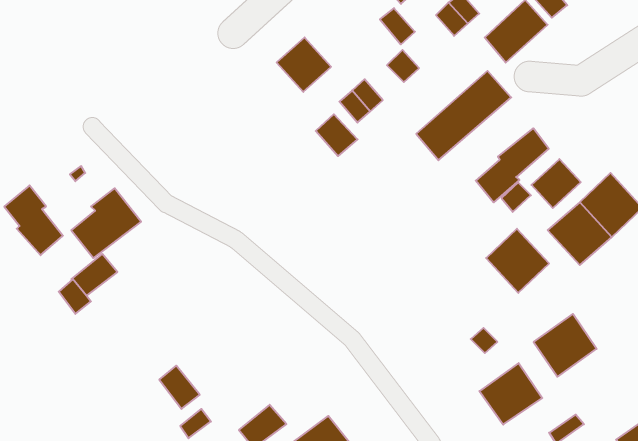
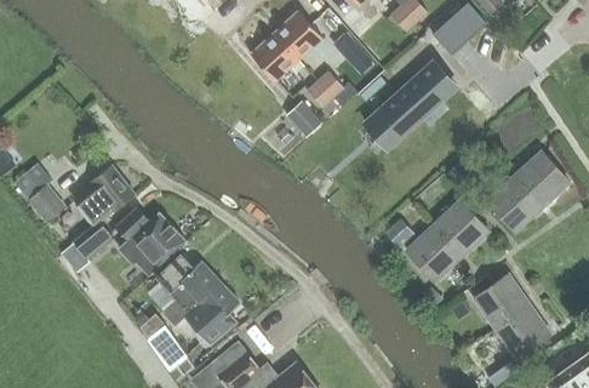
building: none -> [275,11,322,58]
building: [476,128,549,202] -> none
building: [531,159,581,208] -> none
building: none -> [114,206,184,274]
building: none -> [406,224,461,280]
building: none -> [155,253,238,342]
building: [479,363,542,425] -> [494,303,549,356]

